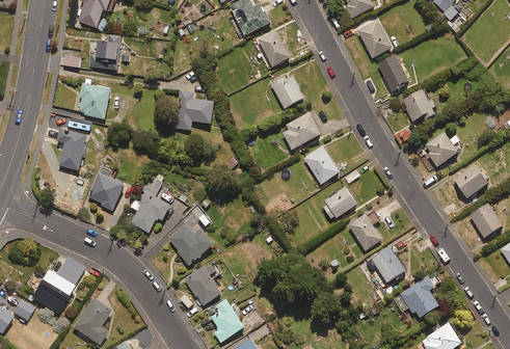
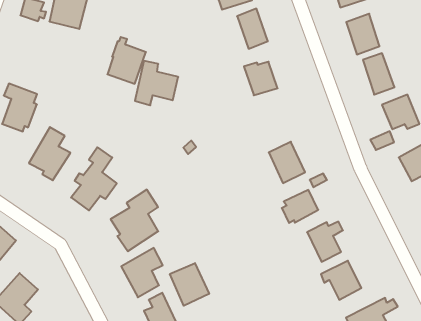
building: [77,78,109,118] -> [107,37,146,84]
building: [281,109,320,150] -> none
building: none -> [170,263,209,306]

